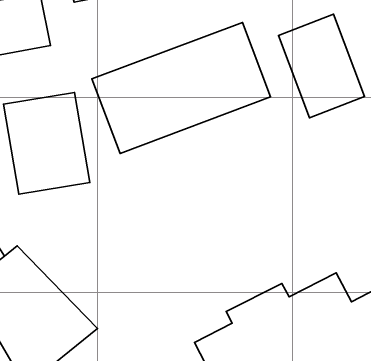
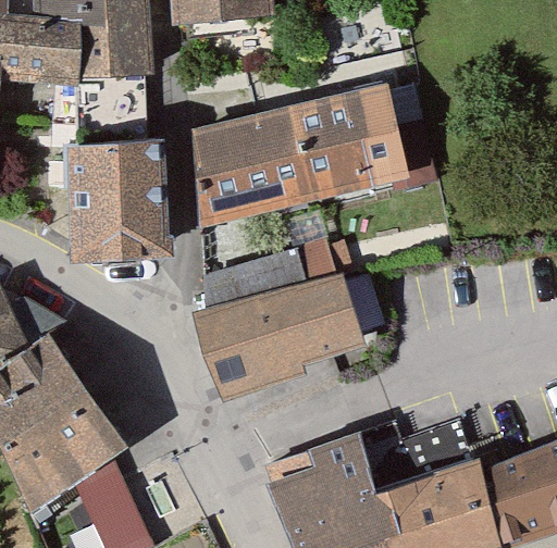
building: [279,14,364,118] -> none
building: none -> [197,253,369,403]

